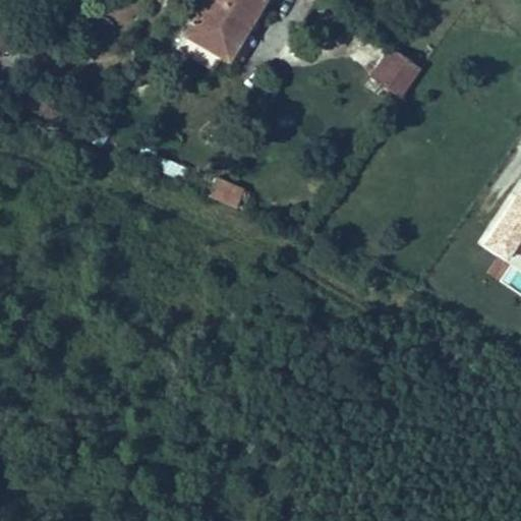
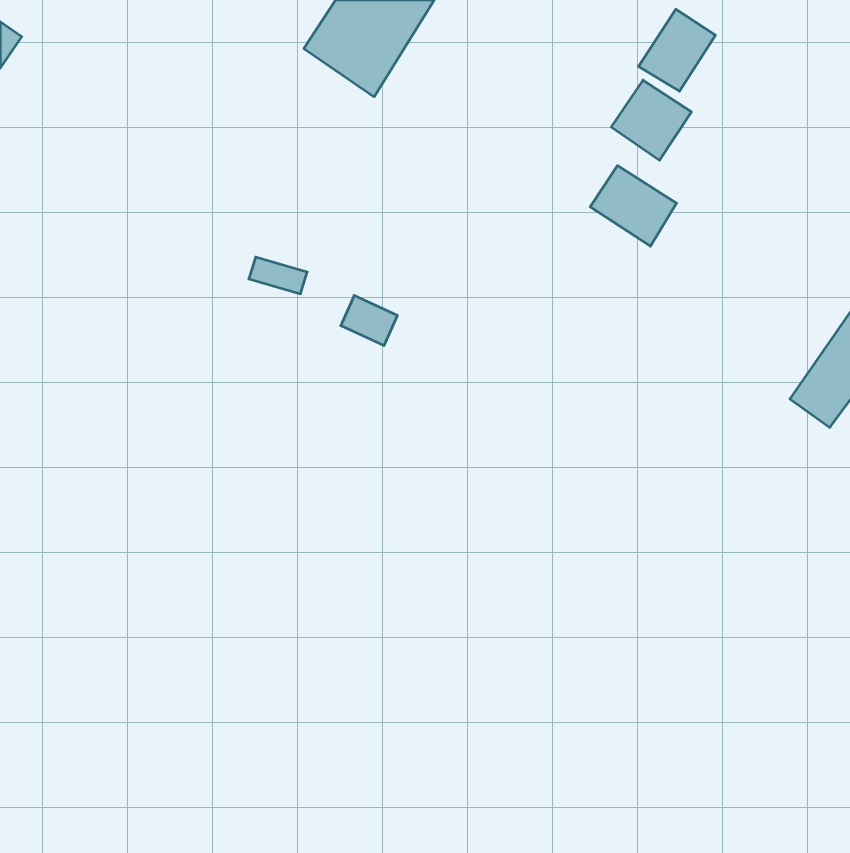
building: none -> [638,9,715,91]
building: none -> [590,166,677,246]

